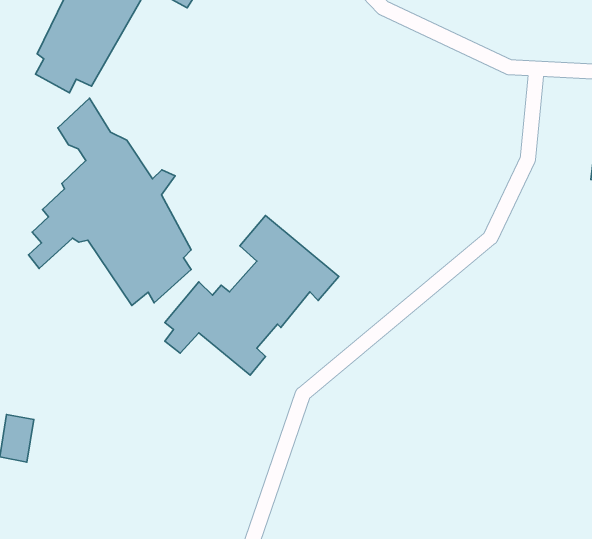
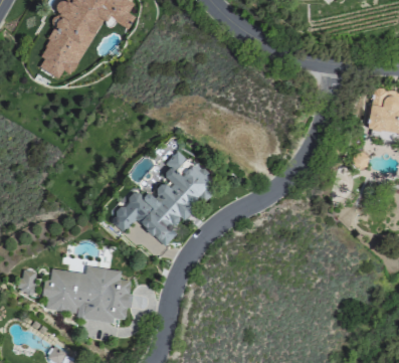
building: [28,98,191,306] -> none
building: none -> [42,266,146,324]

